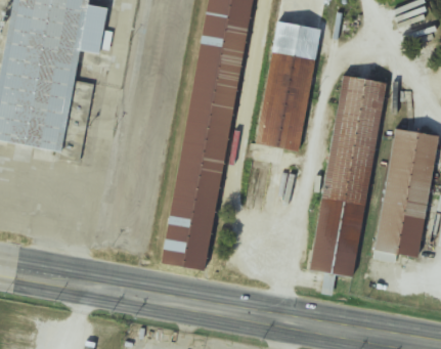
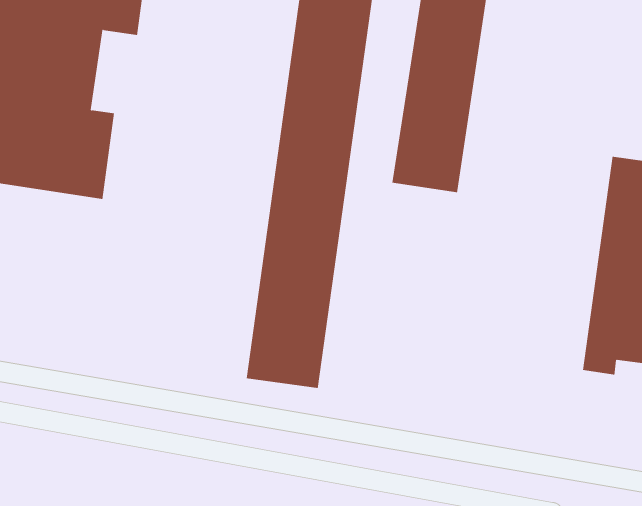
building: [313,75,385,277] -> none

